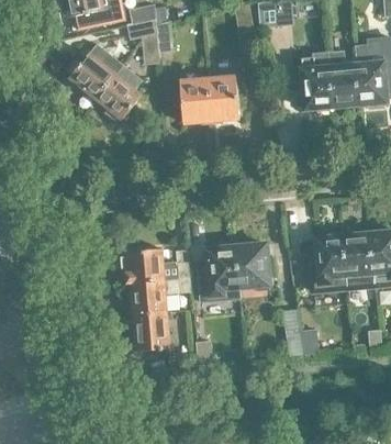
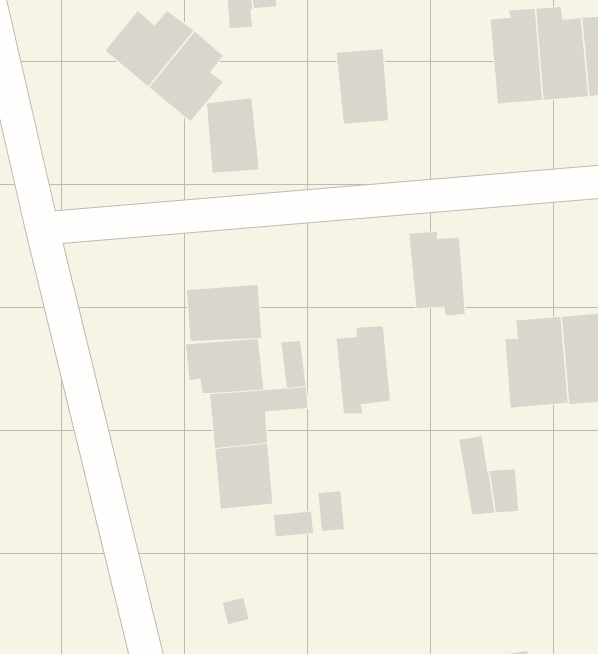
building: [180,78,212,123] -> [206,98,259,173]
building: none -> [186,284,262,342]
building: [236,241,270,291] -> [408,232,465,316]

